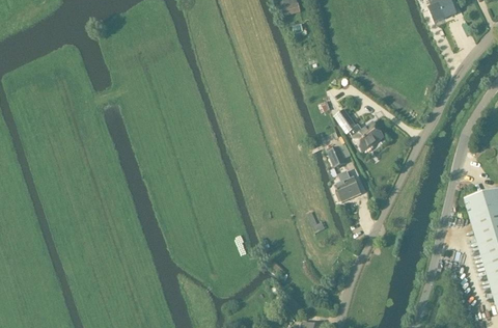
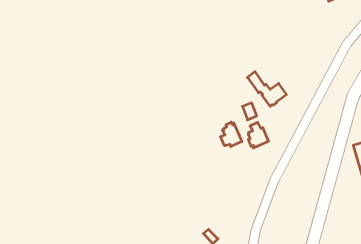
building: none -> [220,122,242,147]

